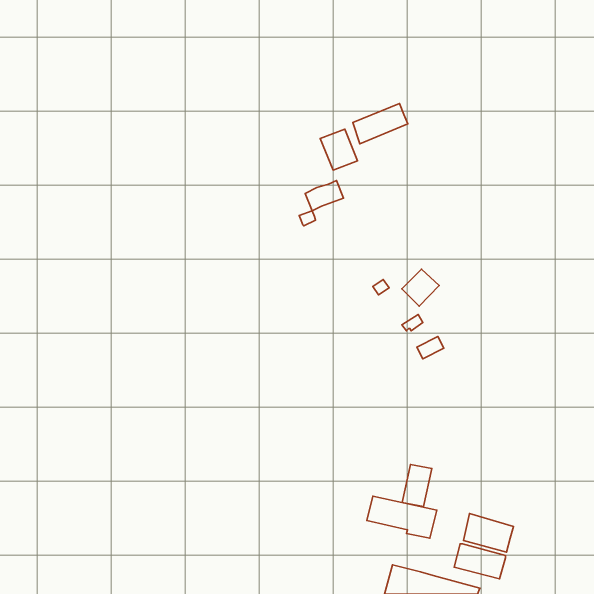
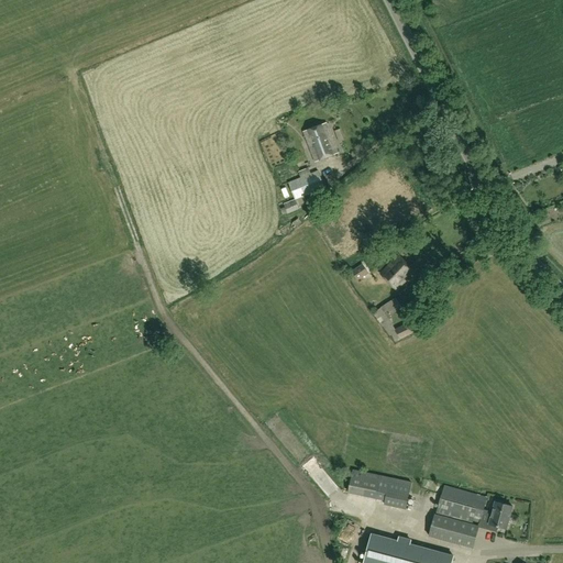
building: [353,104,408,144] -> none
building: [402,464,432,507] -> none
building: none -> [478,500,511,530]

